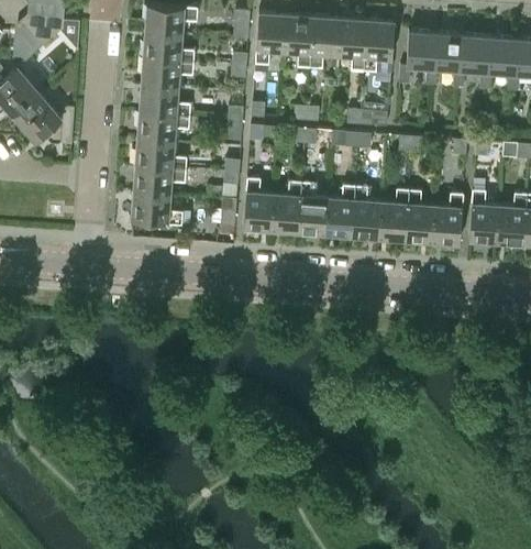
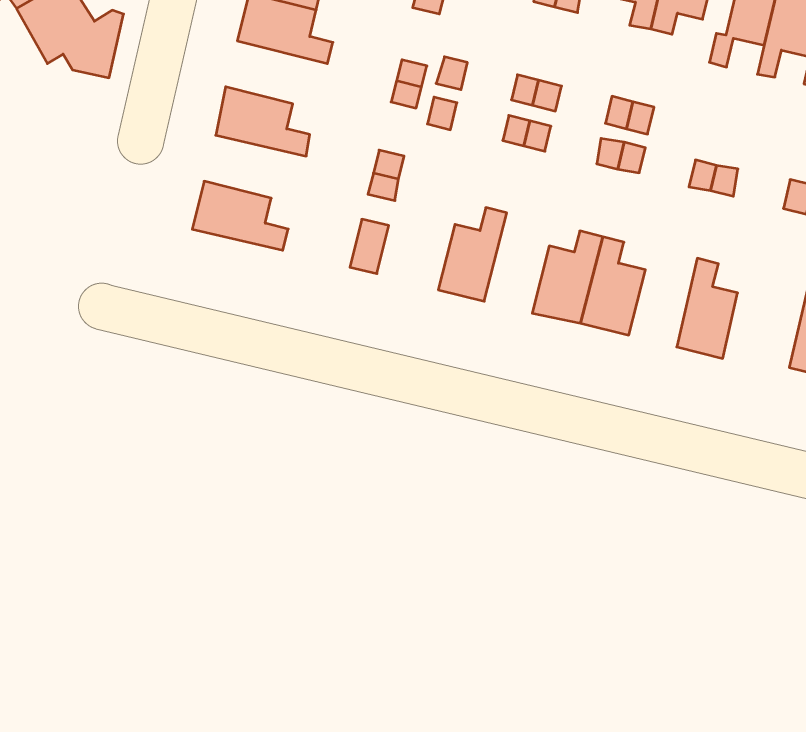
building: [136,112,190,142] -> none
building: [133,166,187,196] -> none
building: [245,178,275,231] -> none
building: [298,183,329,235] -> none
building: [380,190,411,241] -> none
building: [434,194,464,245] -> none

